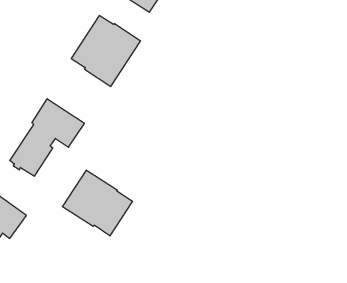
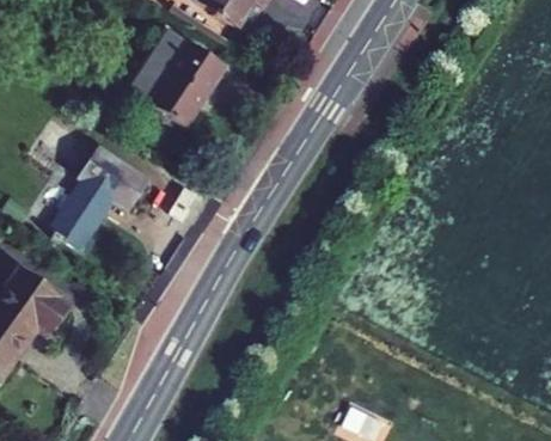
building: [62,170,133,236] -> none

